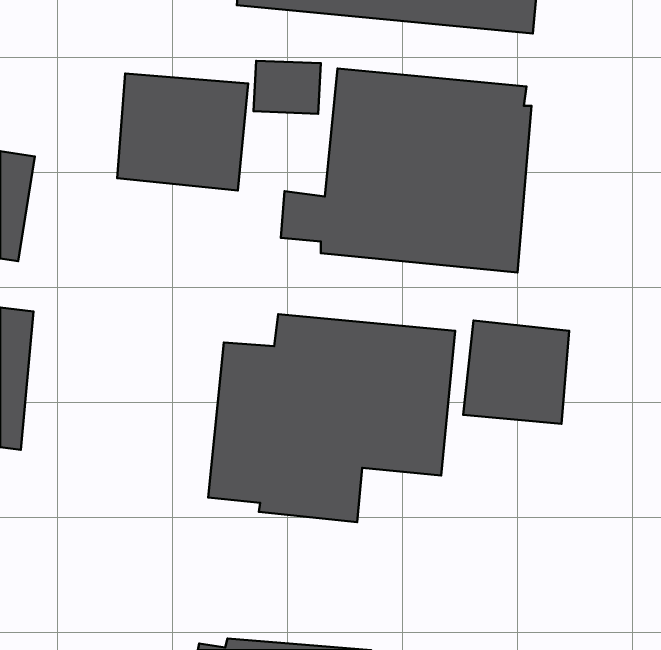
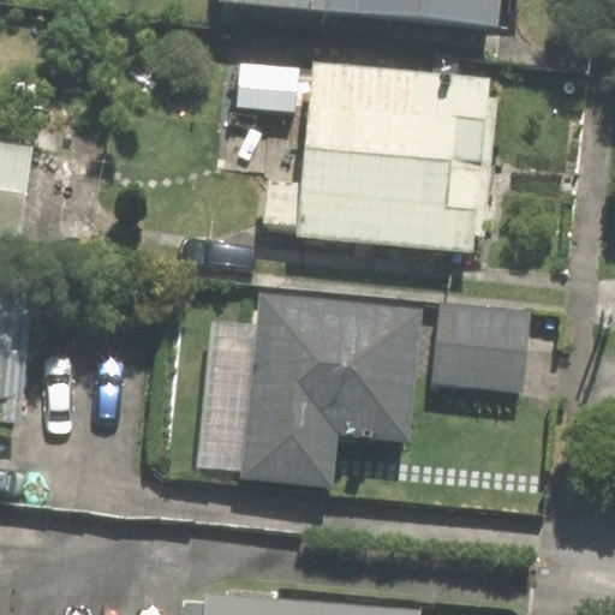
building: [117,74,248,191] -> none

